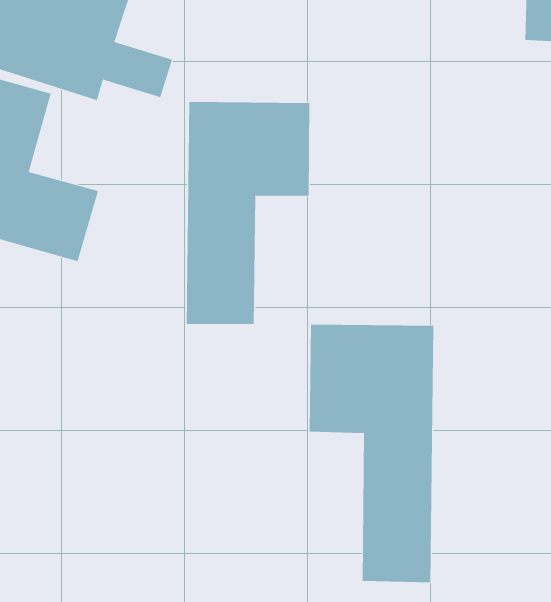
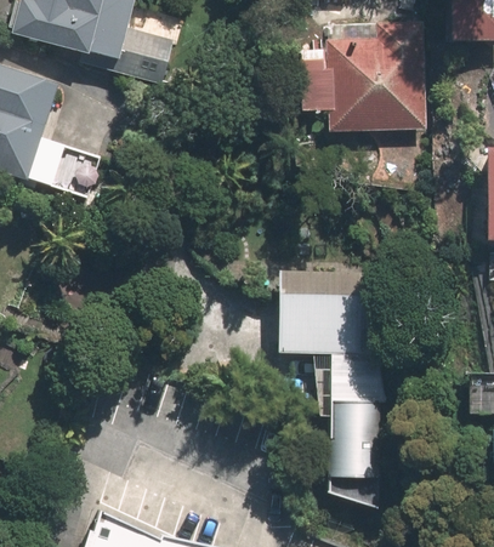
building: none -> [311,16,427,127]
building: [186,101,310,325] -> none

